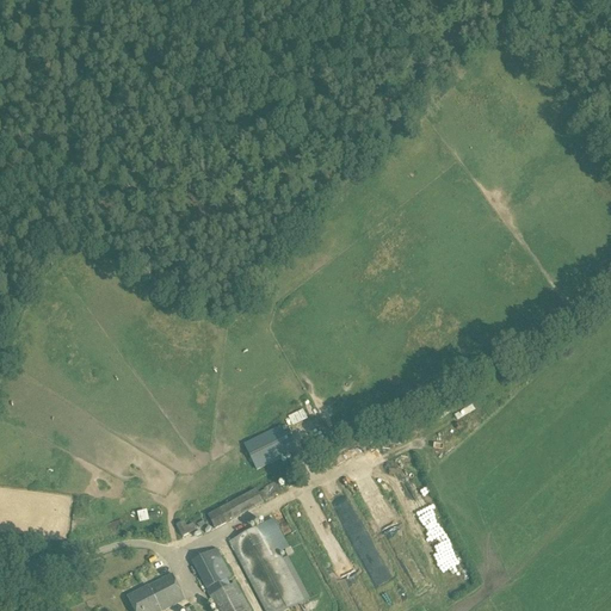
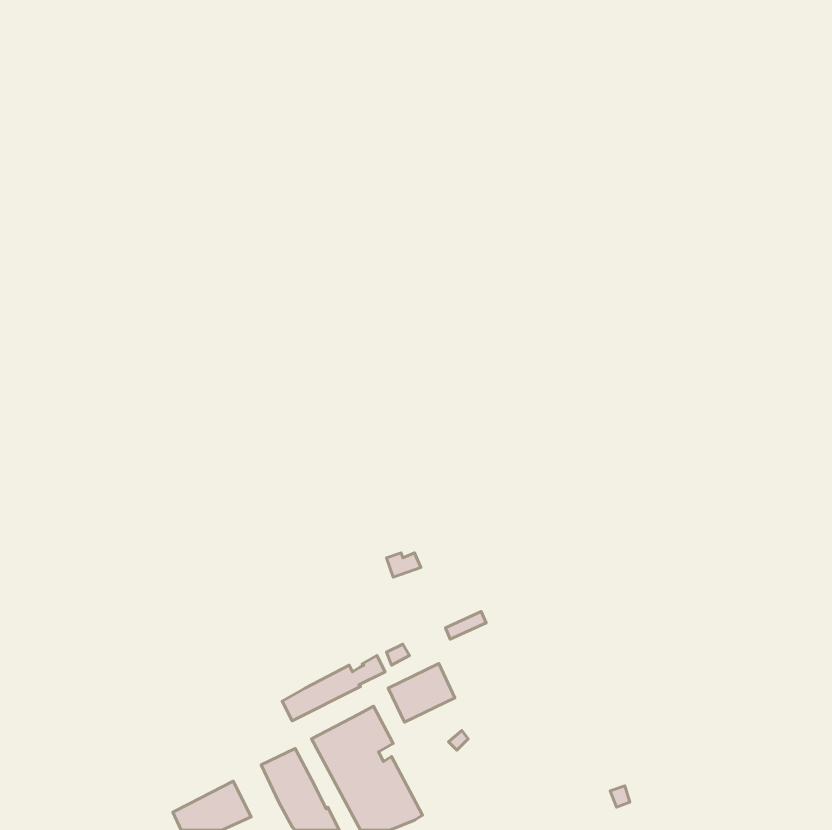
building: [243,425,292,468] -> [388,664,455,722]

